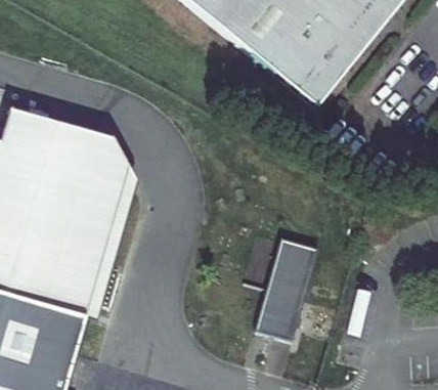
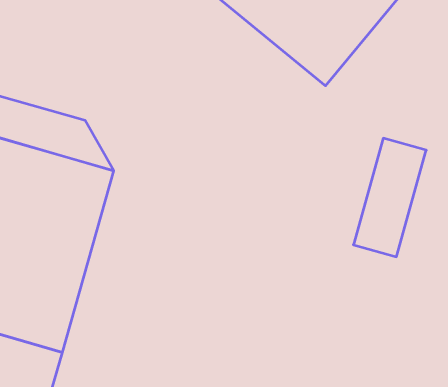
building: [257,239,319,340] -> [353,138,426,257]

